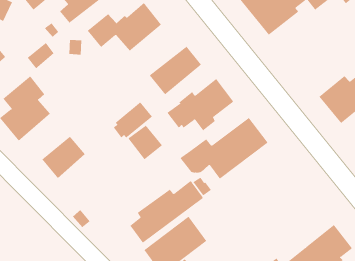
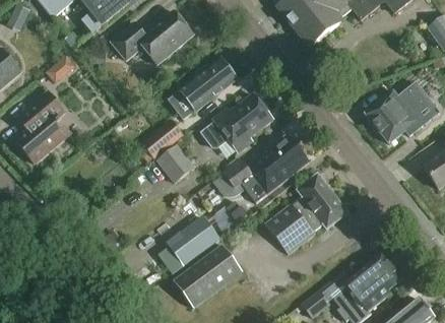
building: [42,136,85,179] -> none
building: none -> [266,174,347,253]

